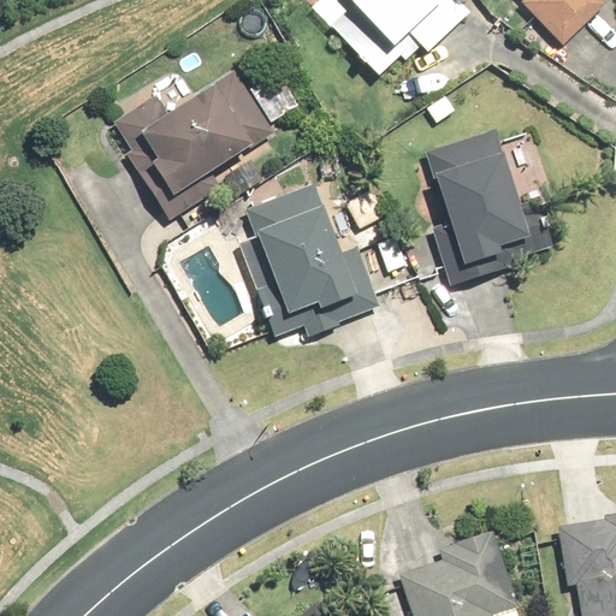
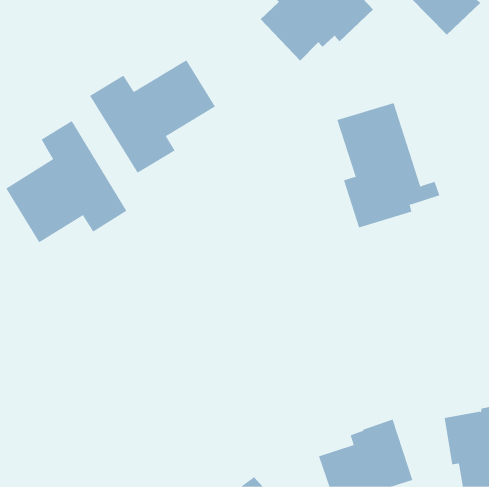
building: none -> [6,120,127,243]
building: [238,182,380,337] -> none

